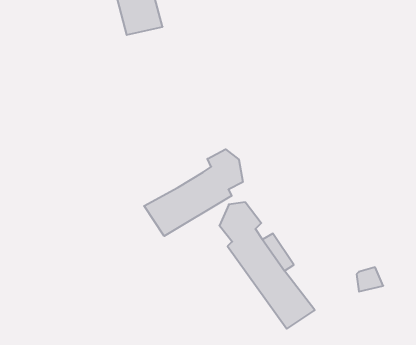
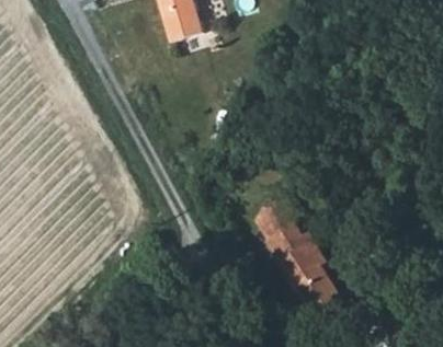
building: [144,149,243,236] -> none

